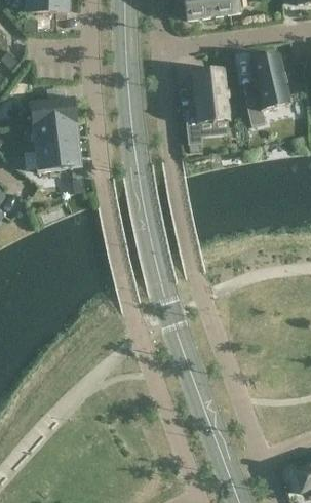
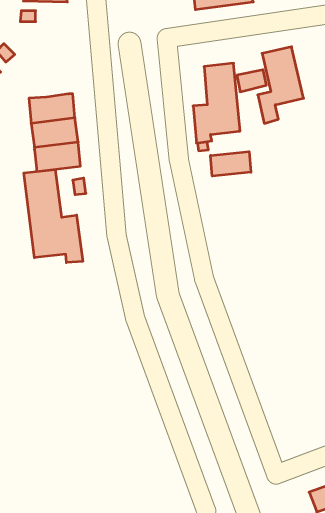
building: none -> [211,152,251,176]
building: none -> [24,170,83,263]

